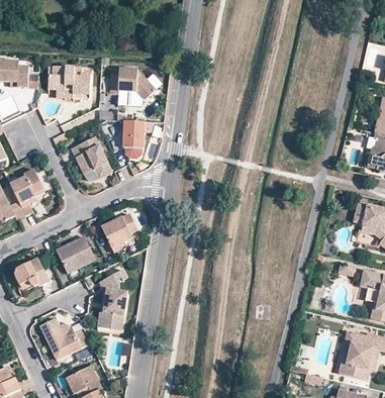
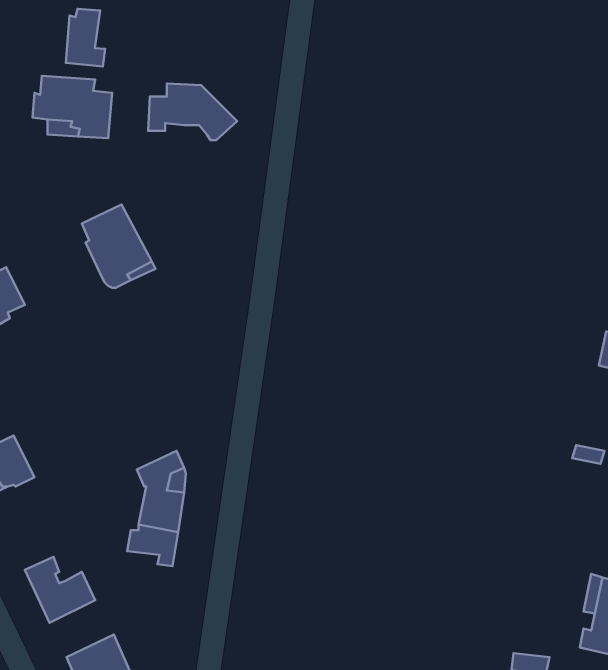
building: none -> [66,9,105,66]
building: [122,120,143,150] -> none
building: [100,213,136,253] -> none
building: [58,236,96,269] -> none

